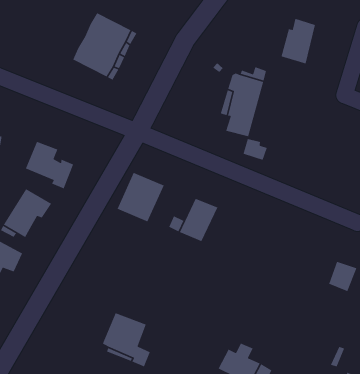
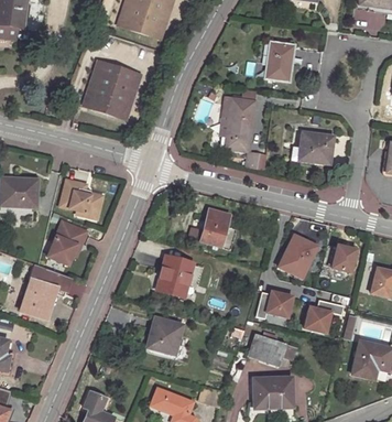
building: none -> [291,131,334,163]
building: [116,172,165,223] -> [155,255,194,296]
building: none -> [279,235,317,277]
building: none -> [257,291,293,318]
building: none -> [306,300,345,332]

